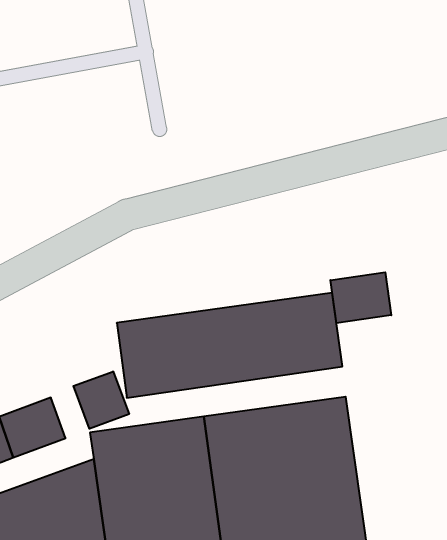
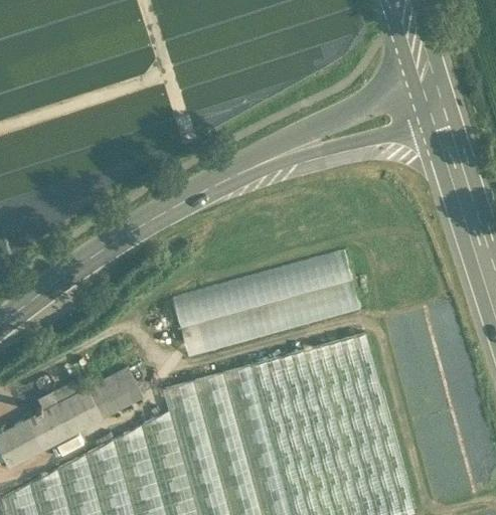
building: [330,272,391,323] -> none
building: [73,371,129,429] -> none

